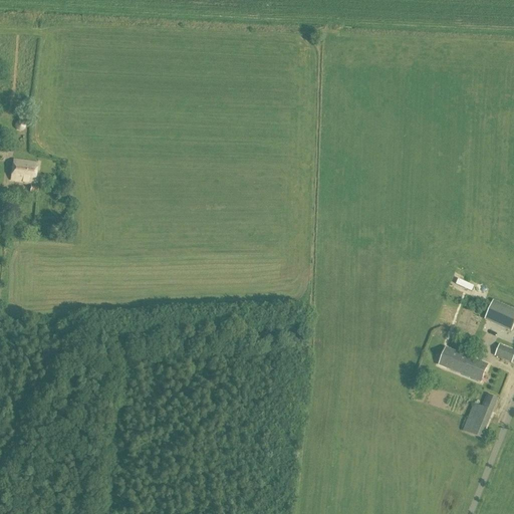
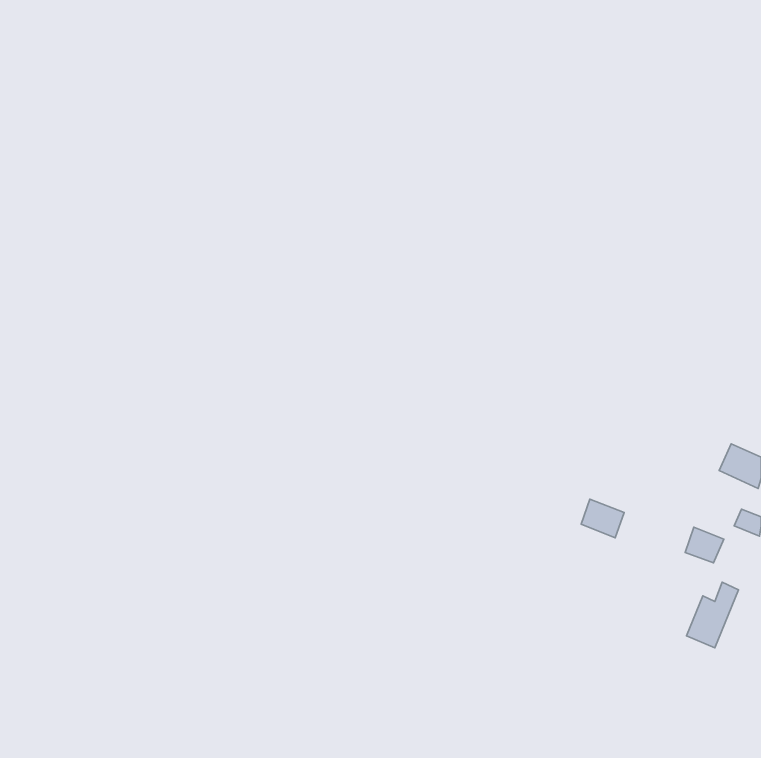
building: [11,160,36,182] -> none
building: [439,346,468,372] -> [581,499,624,538]

